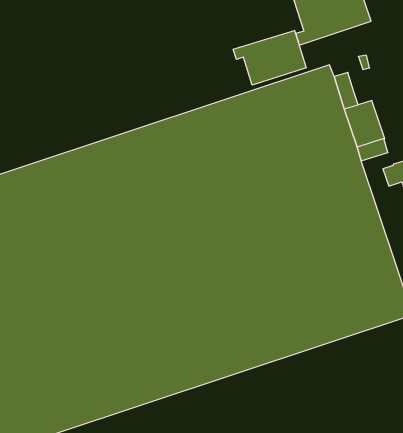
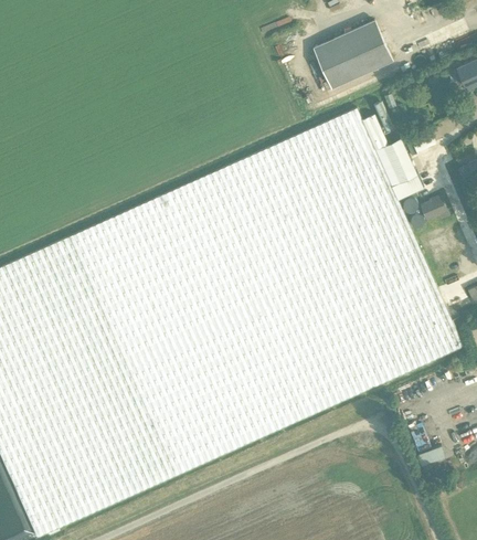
building: [233,30,306,85] -> none

